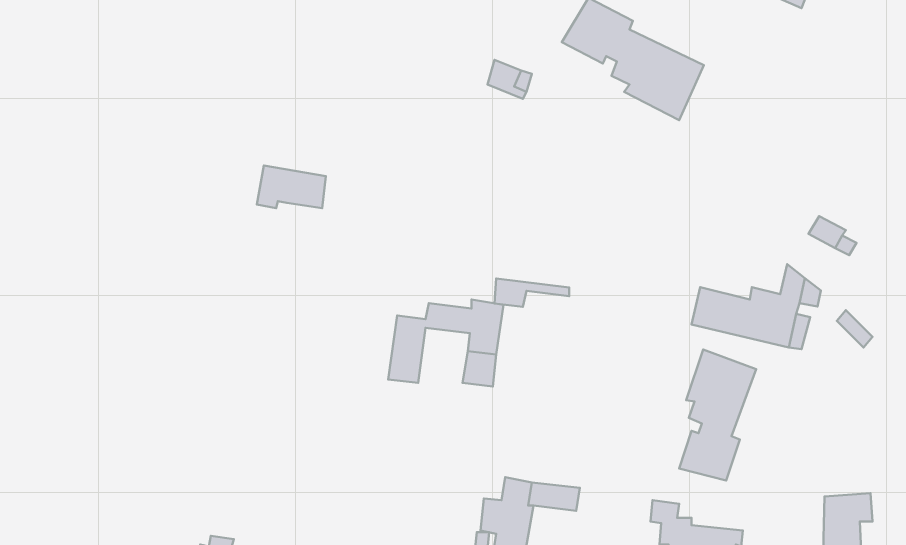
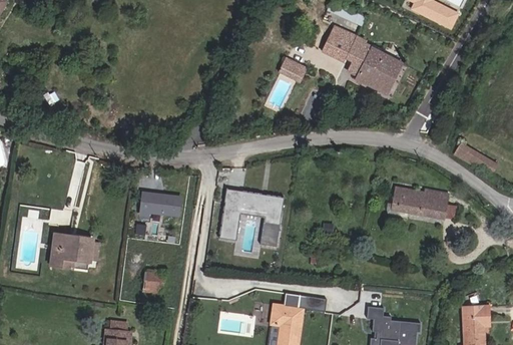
building: [257,166,326,208] -> [140,191,179,215]
building: [495,279,569,307] -> [224,189,267,205]
building: [679,349,756,481] -> none
building: none -> [54,233,104,268]
building: none -> [142,271,162,294]

